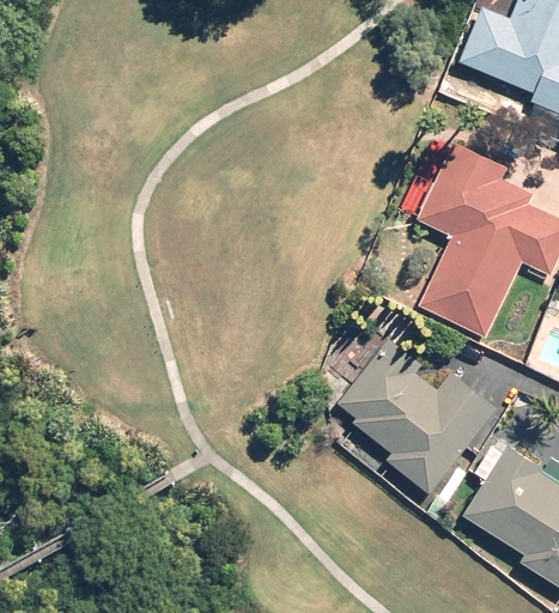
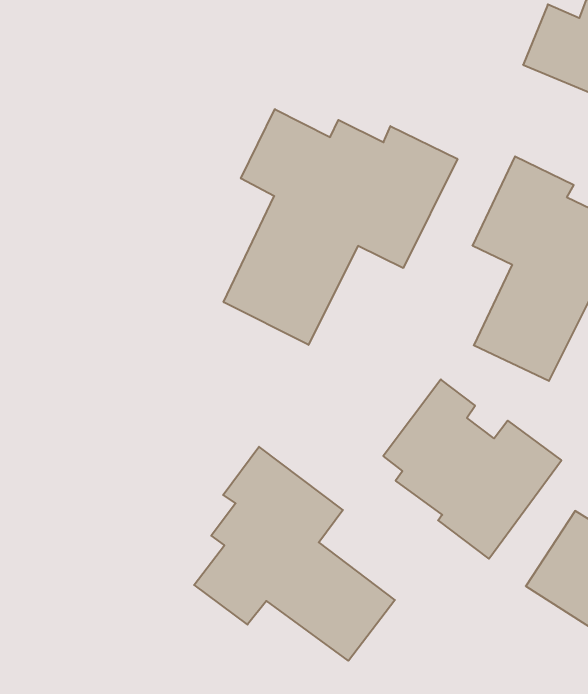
building: none -> [224,109,457,345]
building: none -> [194,447,395,661]

